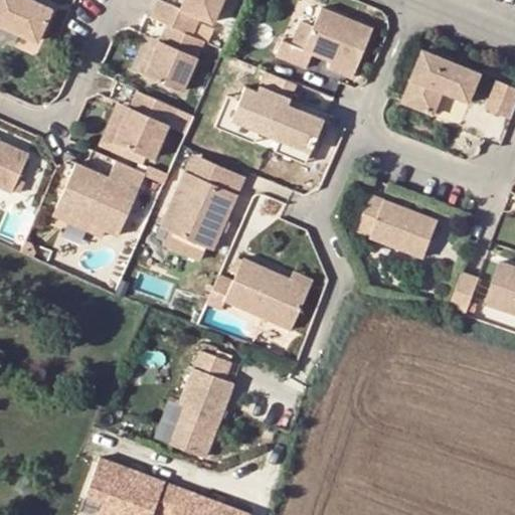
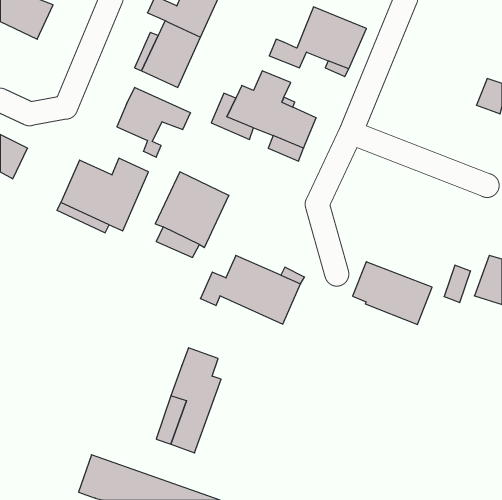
building: [404,50,483,112] -> none
building: [103,101,151,155] -> none
building: [184,158,243,200] -> none
building: [358,194,440,259] -> [353,262,432,325]

